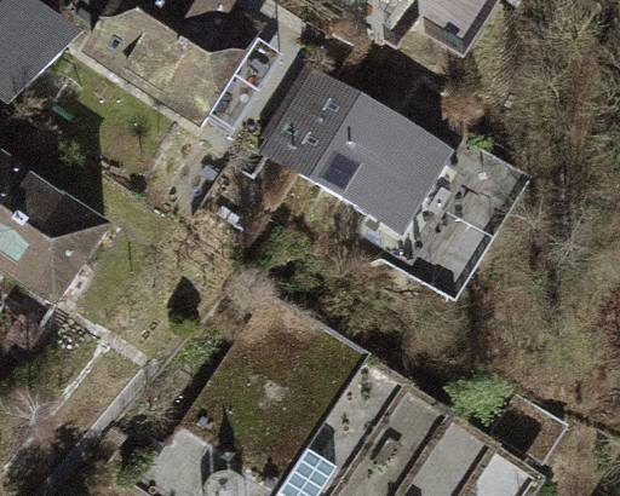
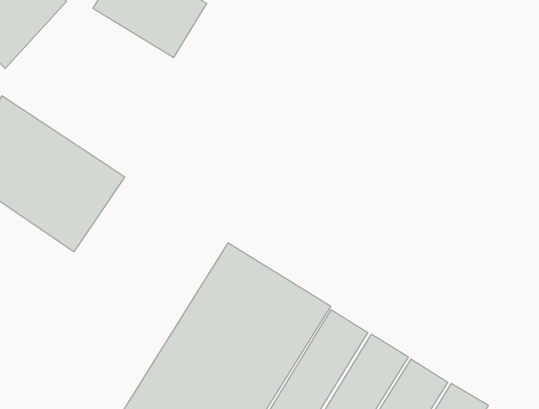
building: [279,71,473,236] -> none

